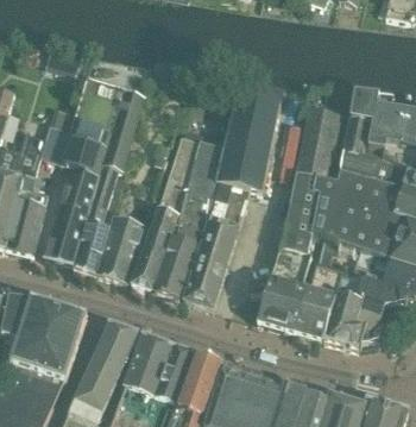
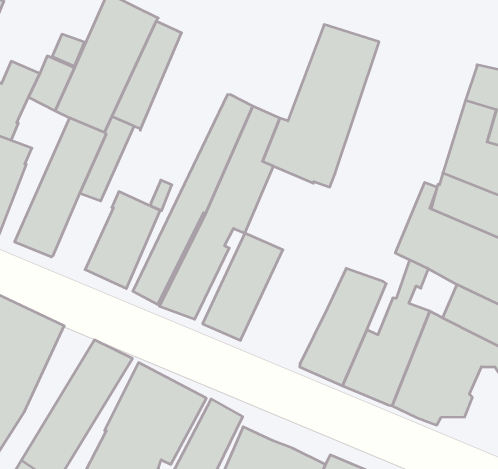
building: [279,106,339,253] -> none
building: [204,182,248,240] -> none
building: [71,219,109,272] -> none

